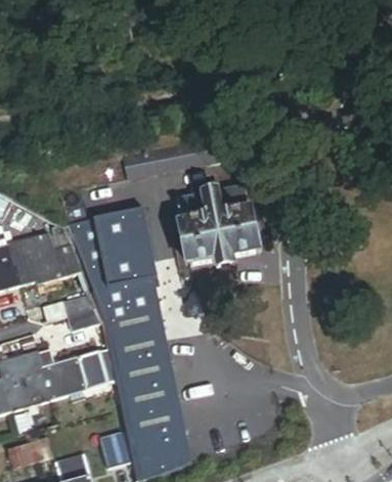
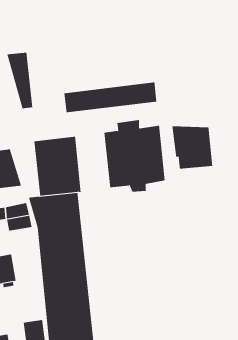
building: none -> [172,125,213,169]
building: [64,218,103,287] -> [7,52,33,109]
building: [78,349,115,388] -> none

